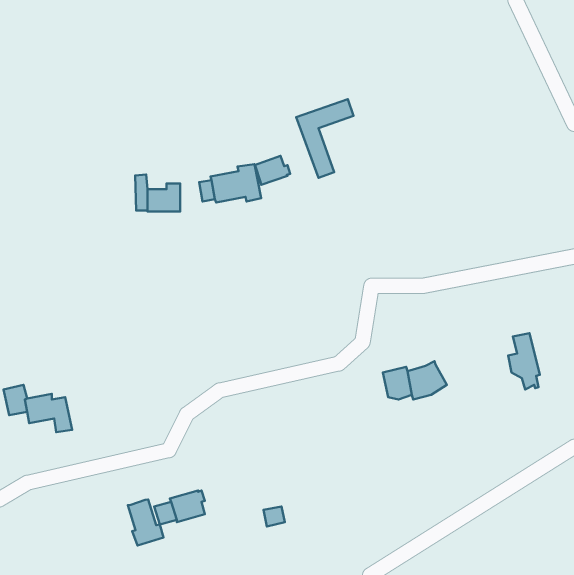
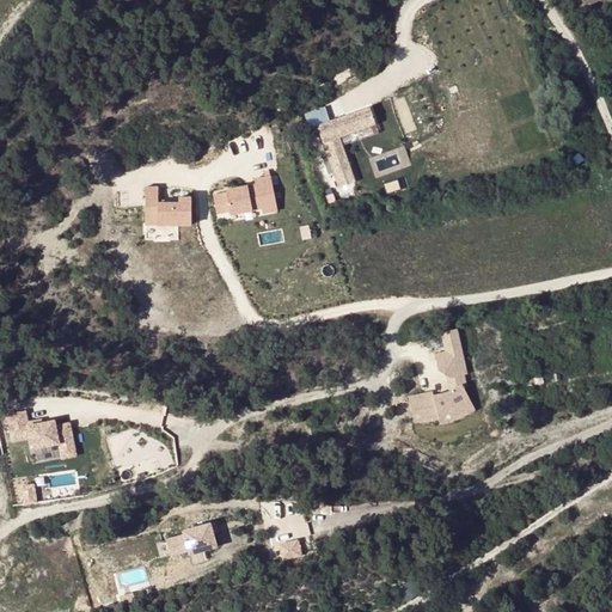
building: [255,156,290,185] -> none
building: [508,333,540,389] -> [434,329,467,388]
building: [128,499,164,546] -> none

